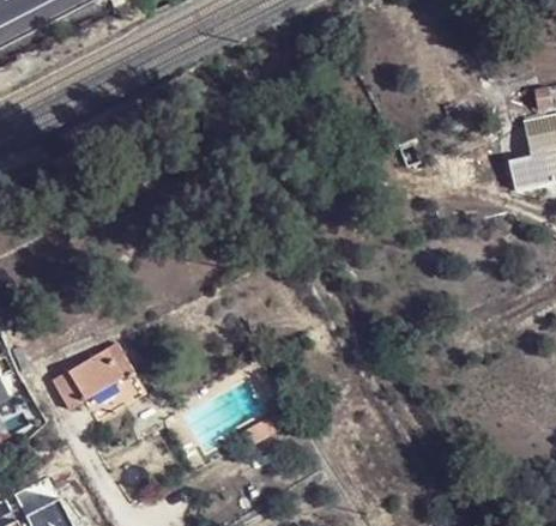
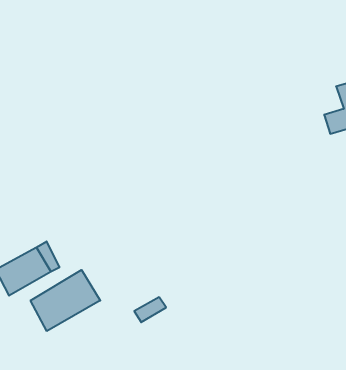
building: none -> [31,270,100,331]

